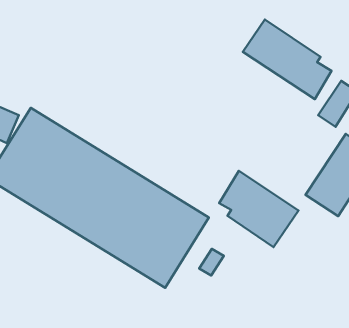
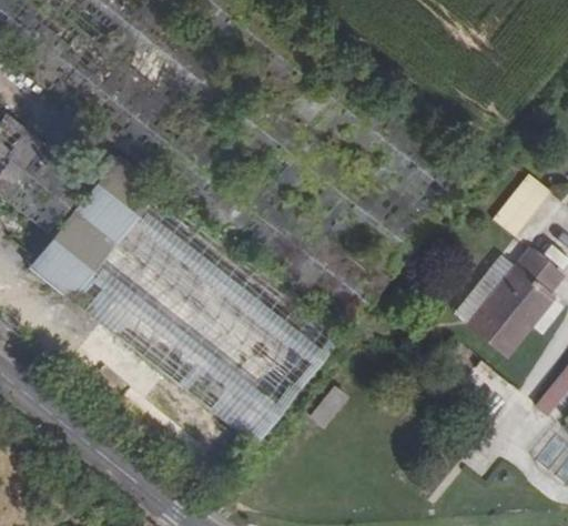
building: [243,19,332,99] -> none
building: [219,171,298,247] -> none

